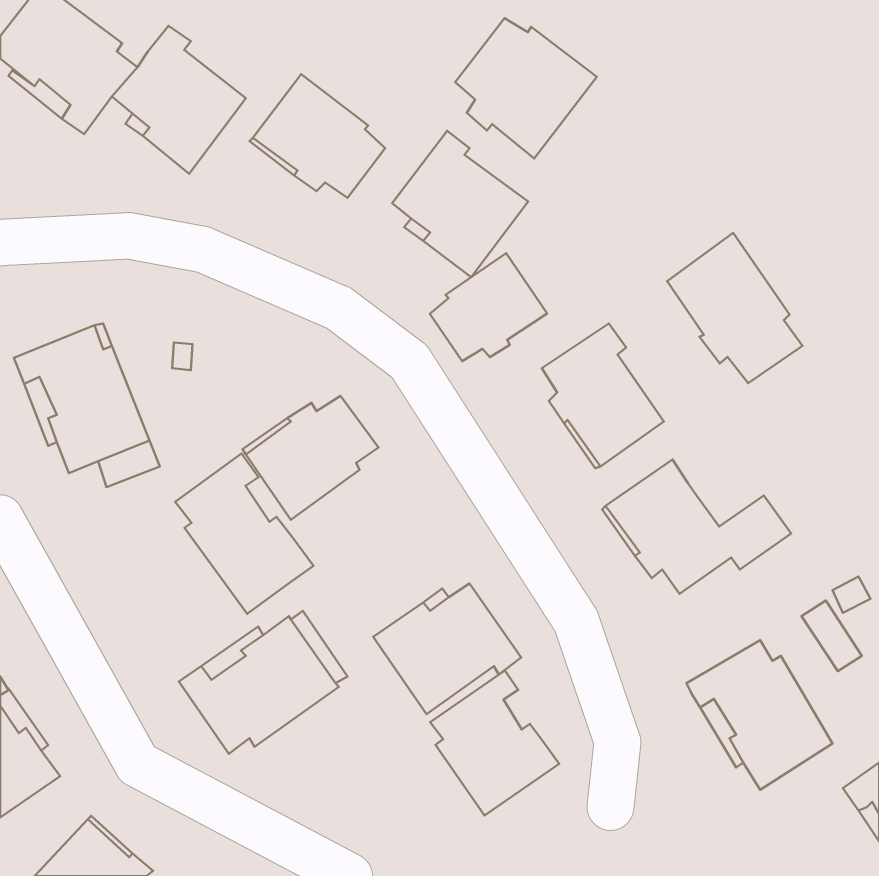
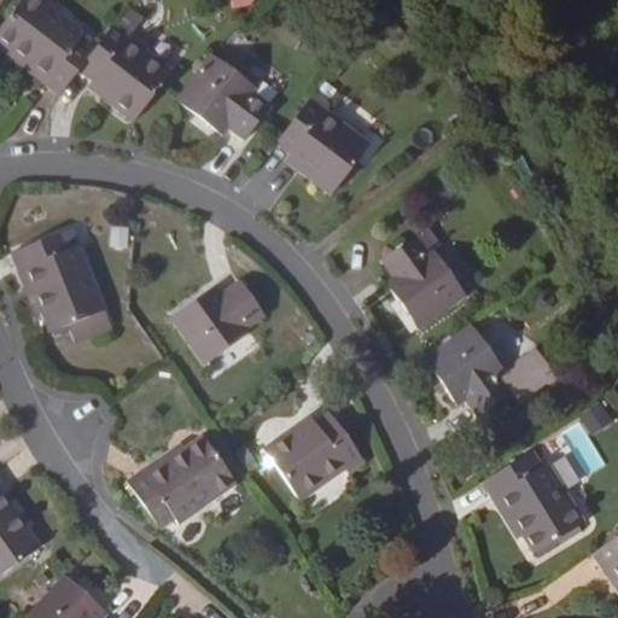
building: [455,18,597,158] -> none
building: [667,233,803,383] -> none
building: [430,253,547,361] -> none
building: [175,454,314,614] -> none
building: [430,671,559,815] -> none

